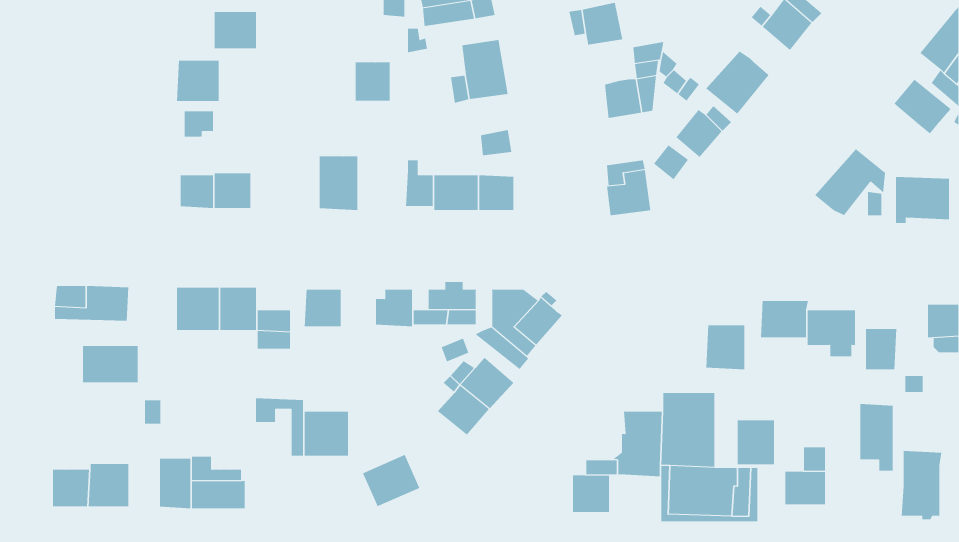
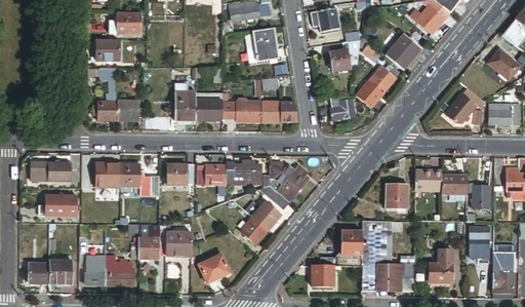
building: [355,62,390,101] -> [196,100,215,121]
building: [737,420,775,465] -> none
building: none -> [138,237,159,259]

